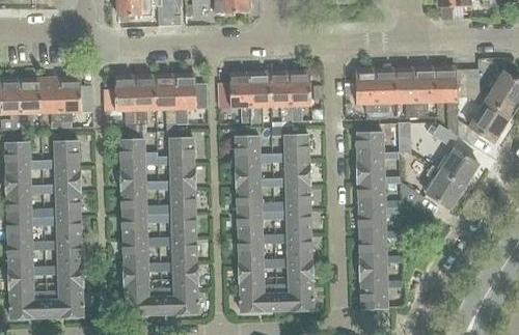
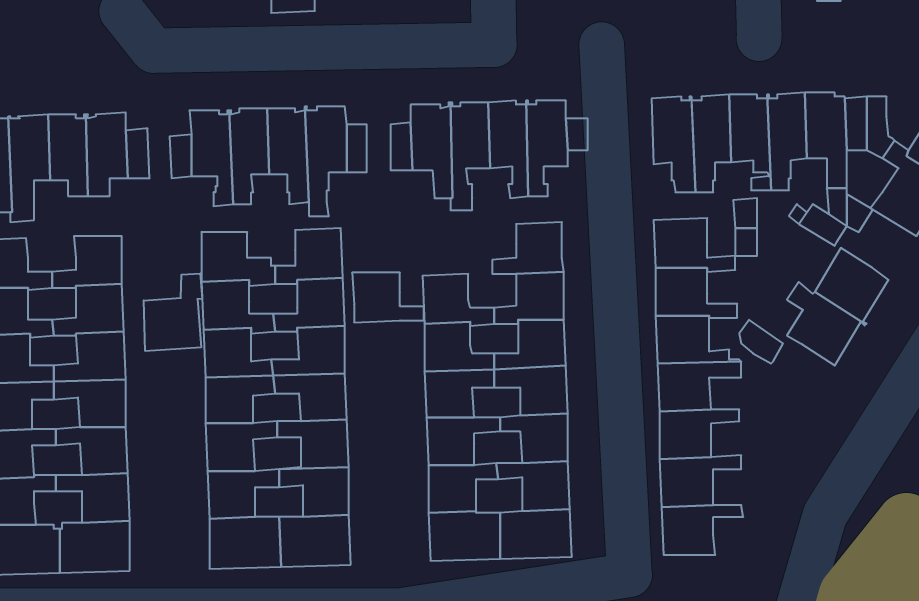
building: [234,136,271,162] -> [352,273,424,322]
building: none -> [144,273,202,351]

